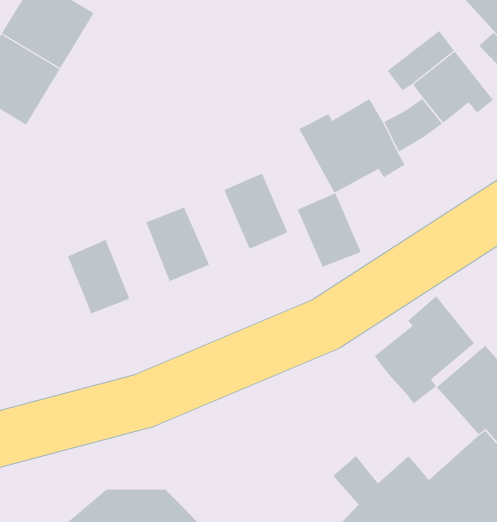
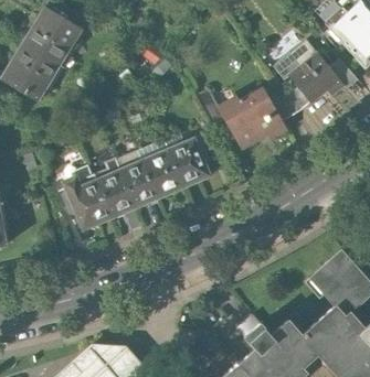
building: [297,193,361,267] -> [144,147,186,195]
building: none -> [93,168,134,217]
building: [374,295,475,404] -> none

